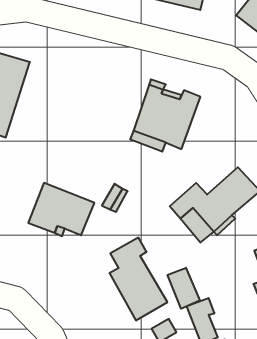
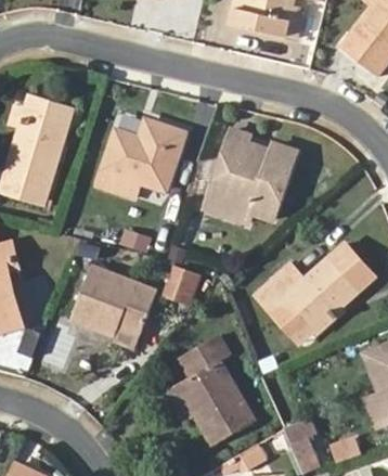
building: none -> [99,119,184,196]
building: [168,268,200,309] -> none

